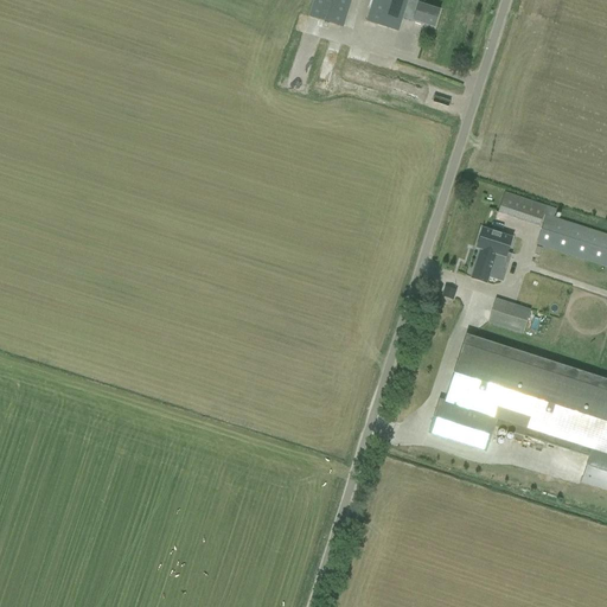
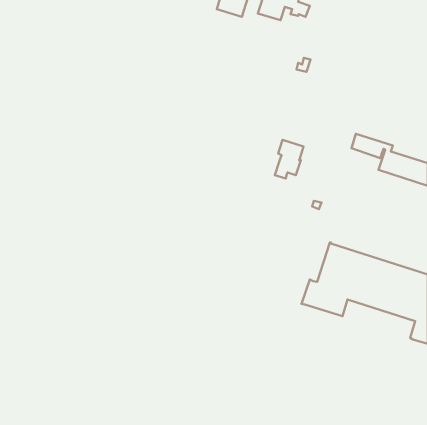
building: [472,225,512,280] -> [275,140,303,178]
building: [488,296,531,331] -> none

